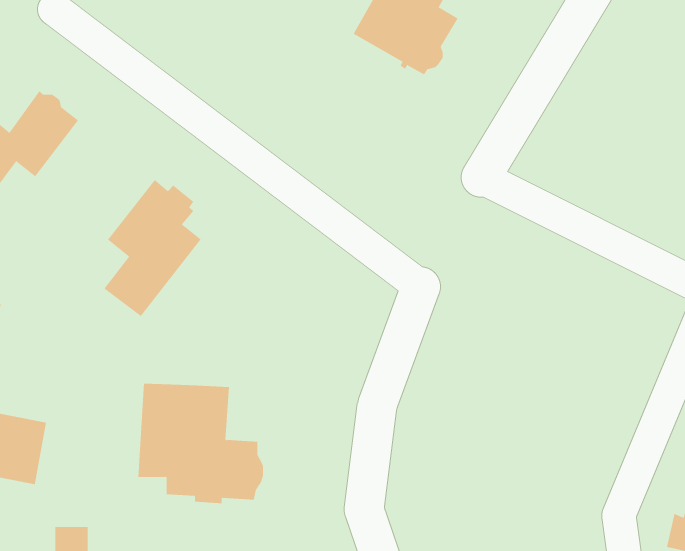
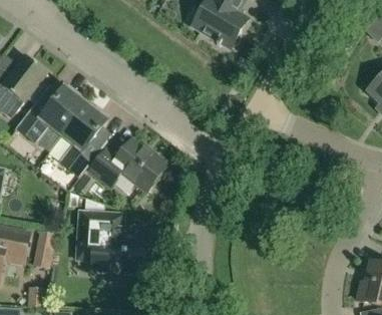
building: none -> [15,83,85,142]
building: none -> [88,138,165,191]
building: none -> [33,229,56,266]

